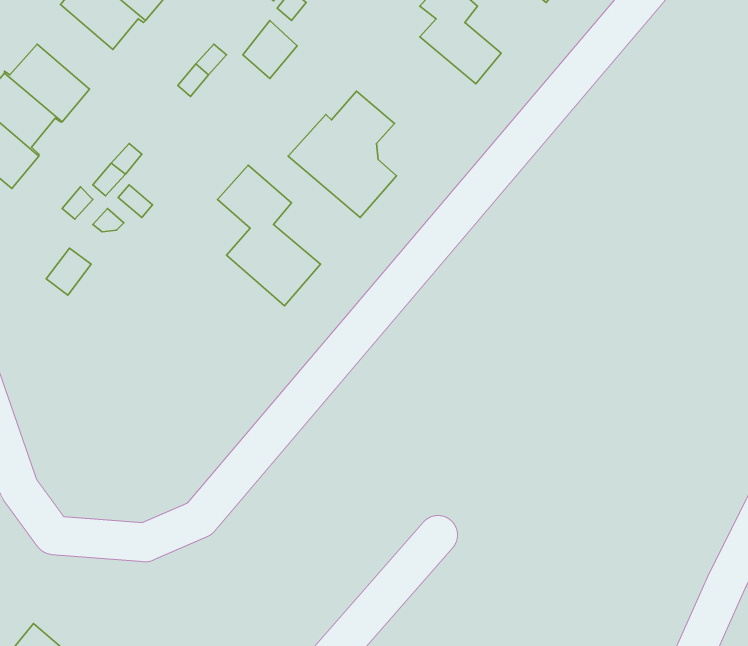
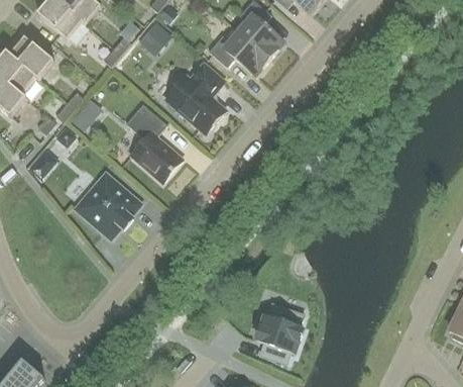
building: none -> [208,31,269,75]
building: none -> [75,172,140,232]
building: none -> [256,302,303,363]

